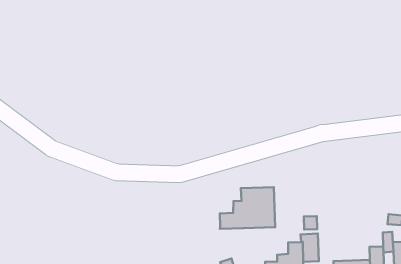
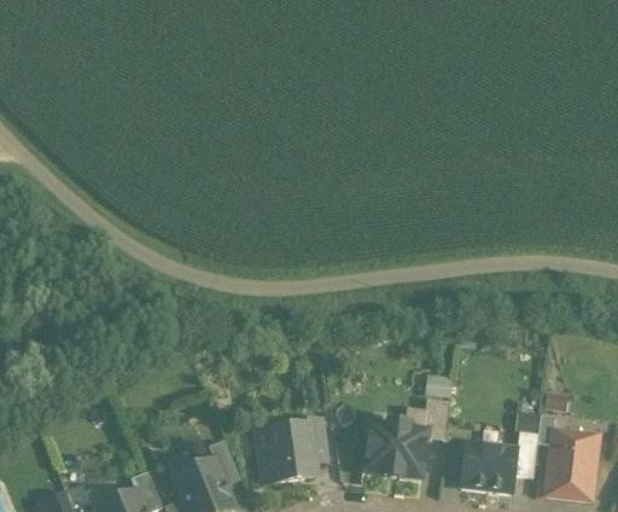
building: [220,187,275,229] -> none

